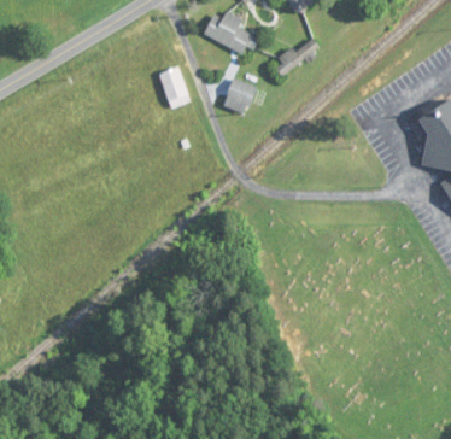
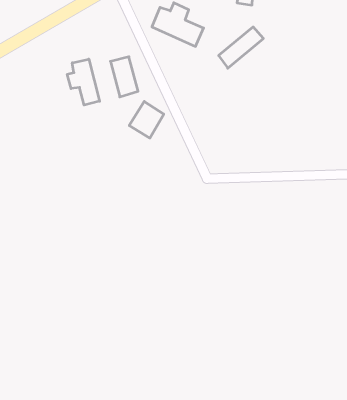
building: none -> [67,59,100,105]
building: [221,76,257,115] -> [129,101,164,138]

